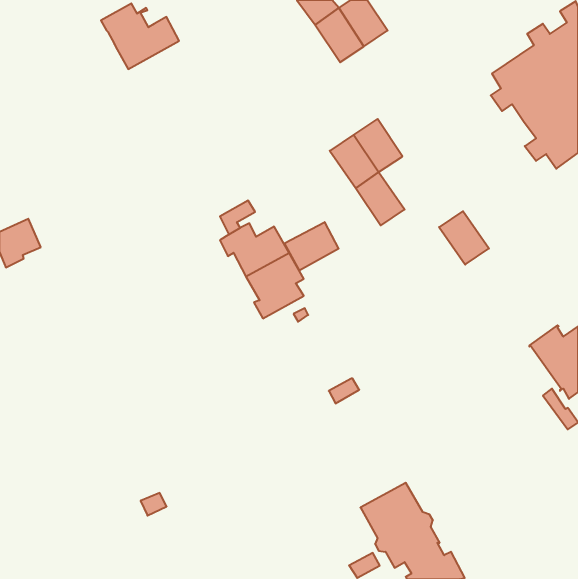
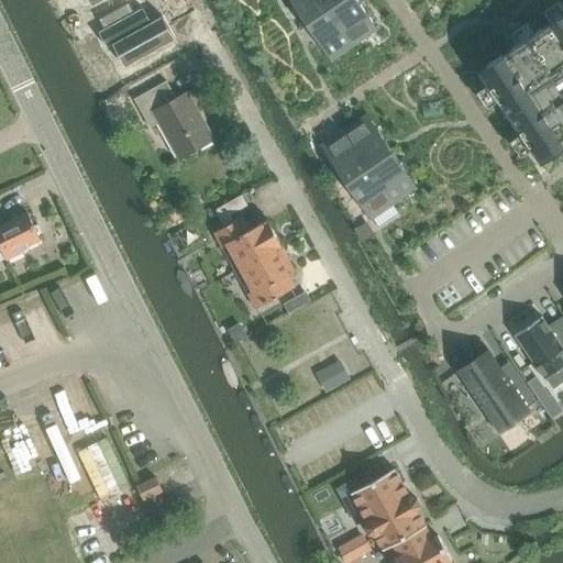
building: none -> [134,81,212,157]
building: [439,211,489,265] -> [367,152,416,203]
building: [284,222,339,270] -> none
building: none -> [459,352,536,431]

